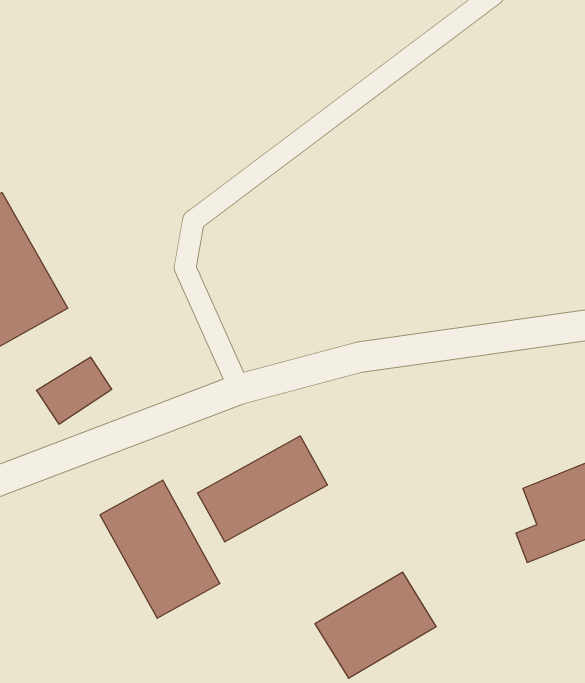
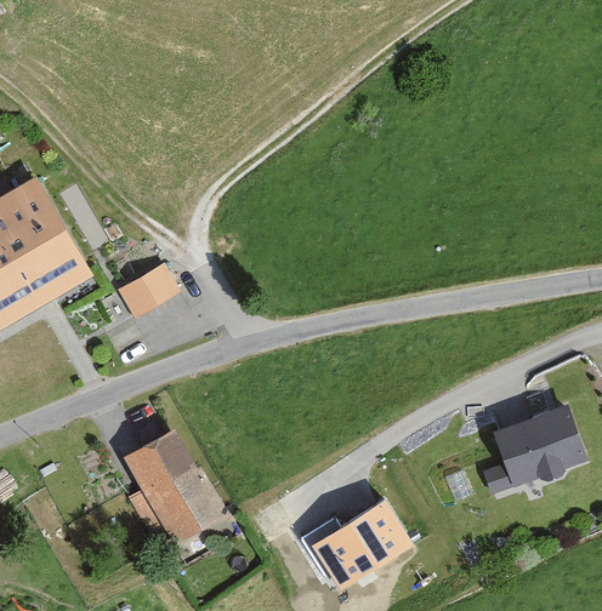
building: [36,357,112,424] -> [114,257,180,315]
building: [198,436,327,542] -> none

